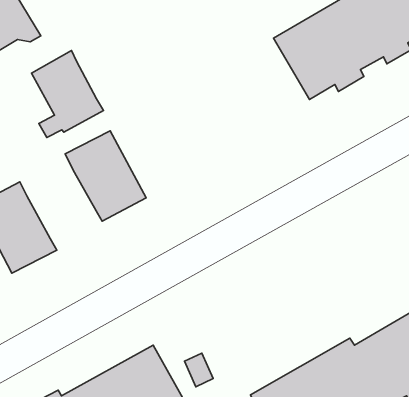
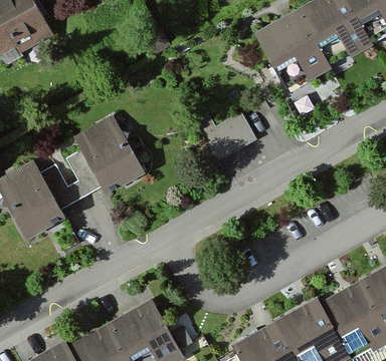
building: [31,51,103,137] -> none
building: none -> [202,114,254,160]
building: none -> [39,150,101,210]

